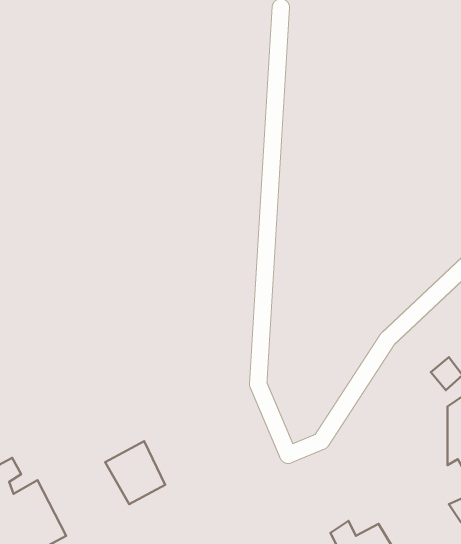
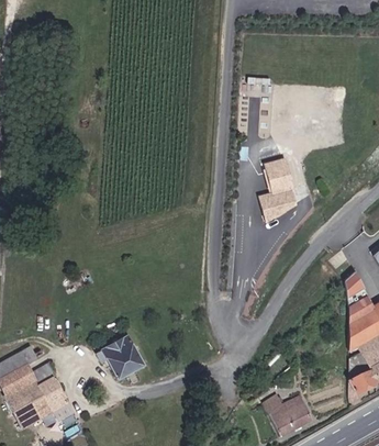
building: none -> [257,158,294,224]

